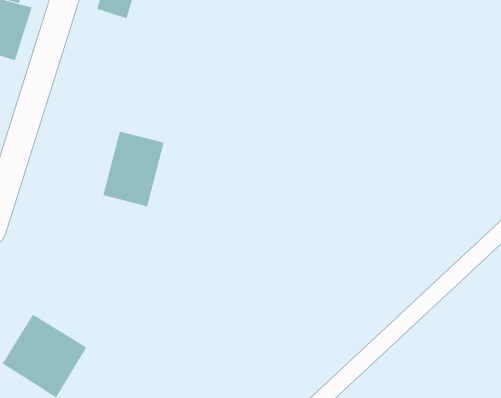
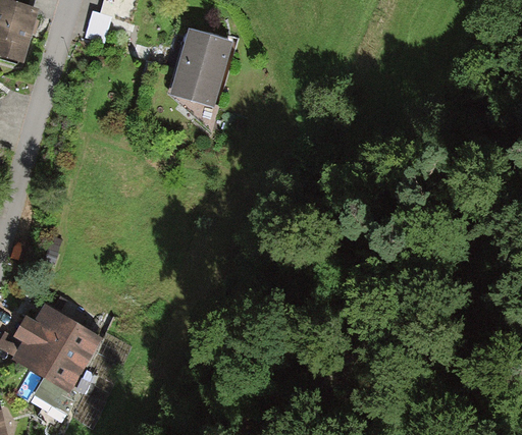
building: [102,131,165,207] -> [171,31,231,104]

